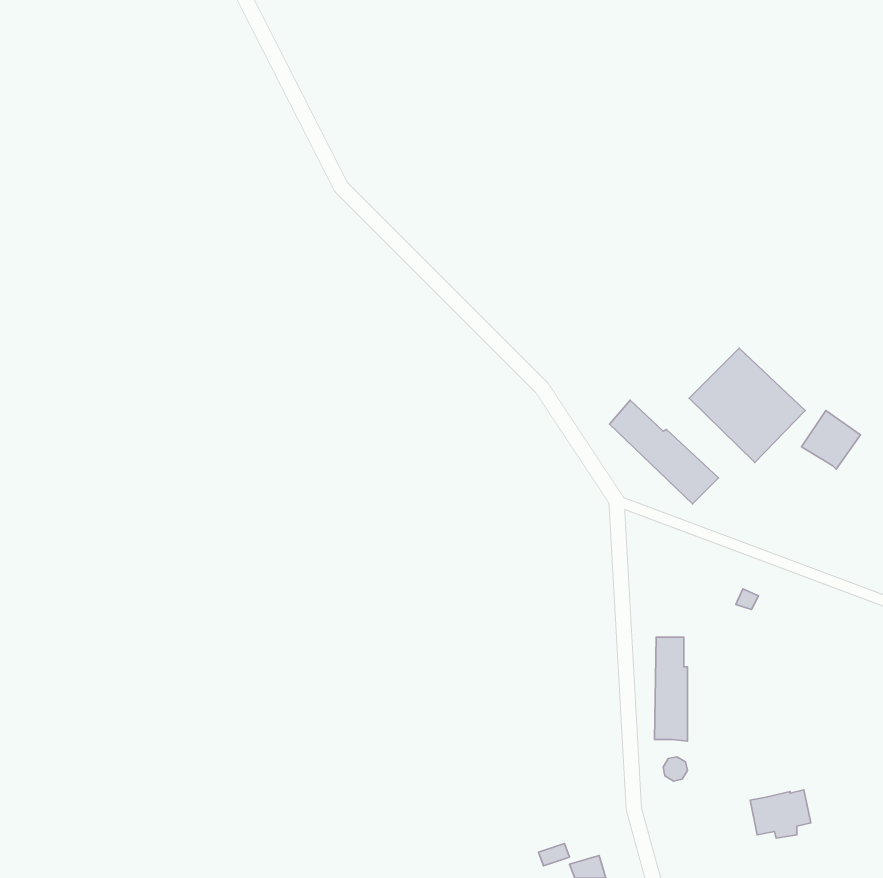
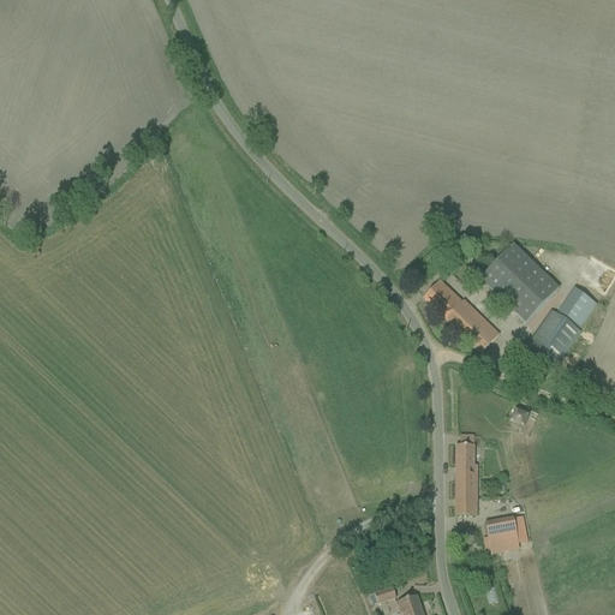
building: none -> [524,306,581,368]
building: [750,790,811,838] -> [485,514,527,548]

